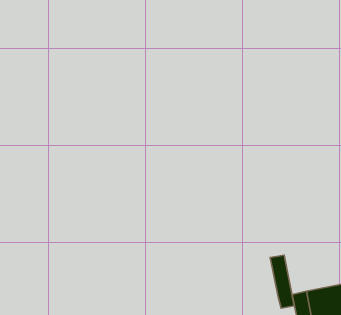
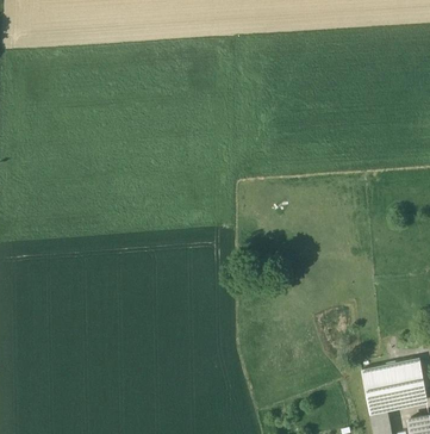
building: [270,255,294,308] -> none

